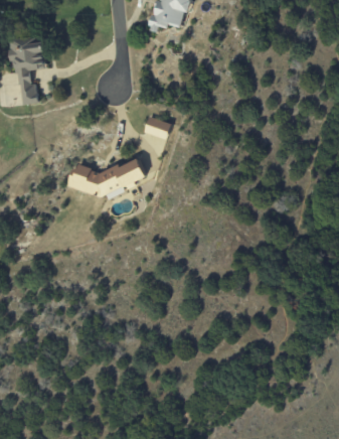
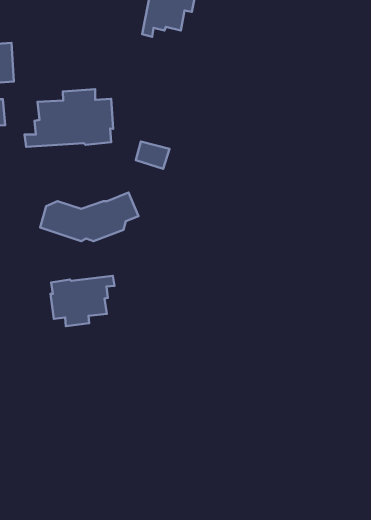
building: none -> [25,89,113,147]
building: none -> [51,276,114,326]

